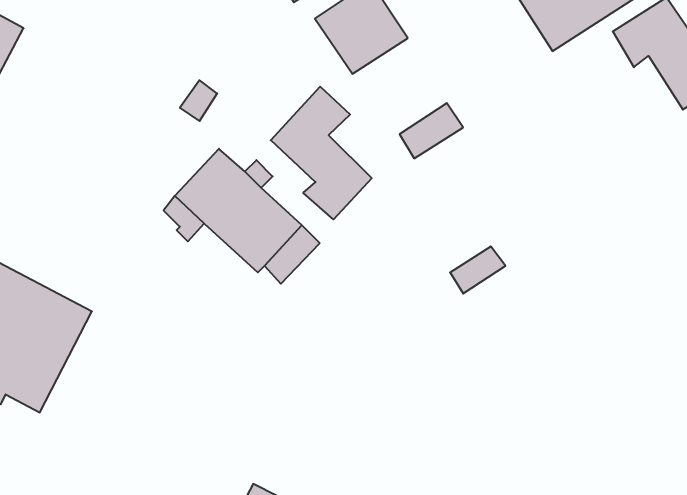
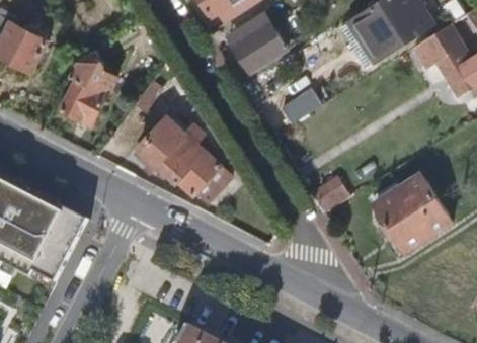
building: none -> [62,52,115,124]
building: [271,87,372,219] -> none
building: none -> [375,172,451,254]

